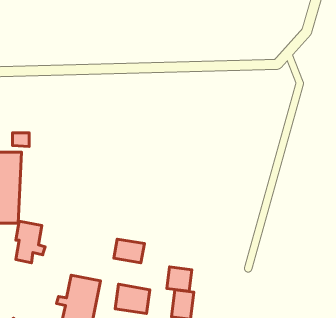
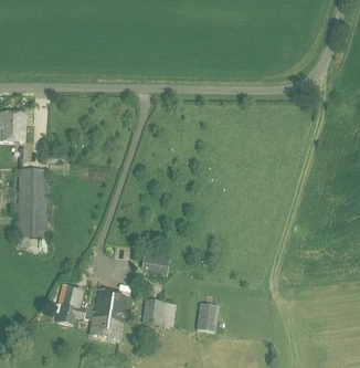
building: [16,221,45,263] -> [57,284,86,325]
building: [167,267,192,291] -> none

